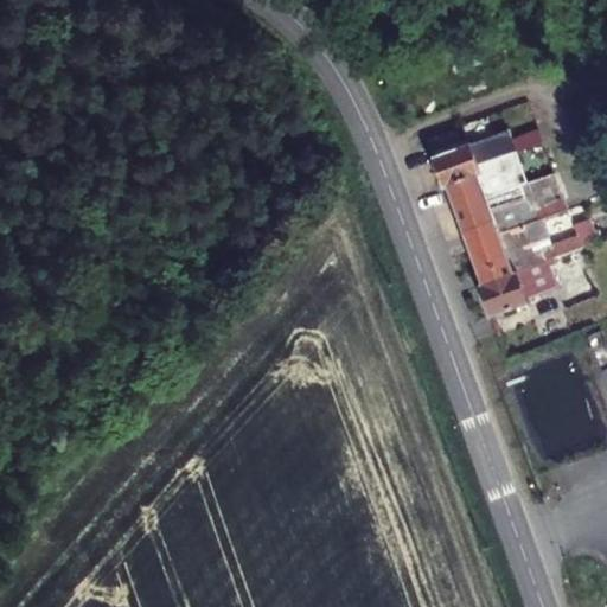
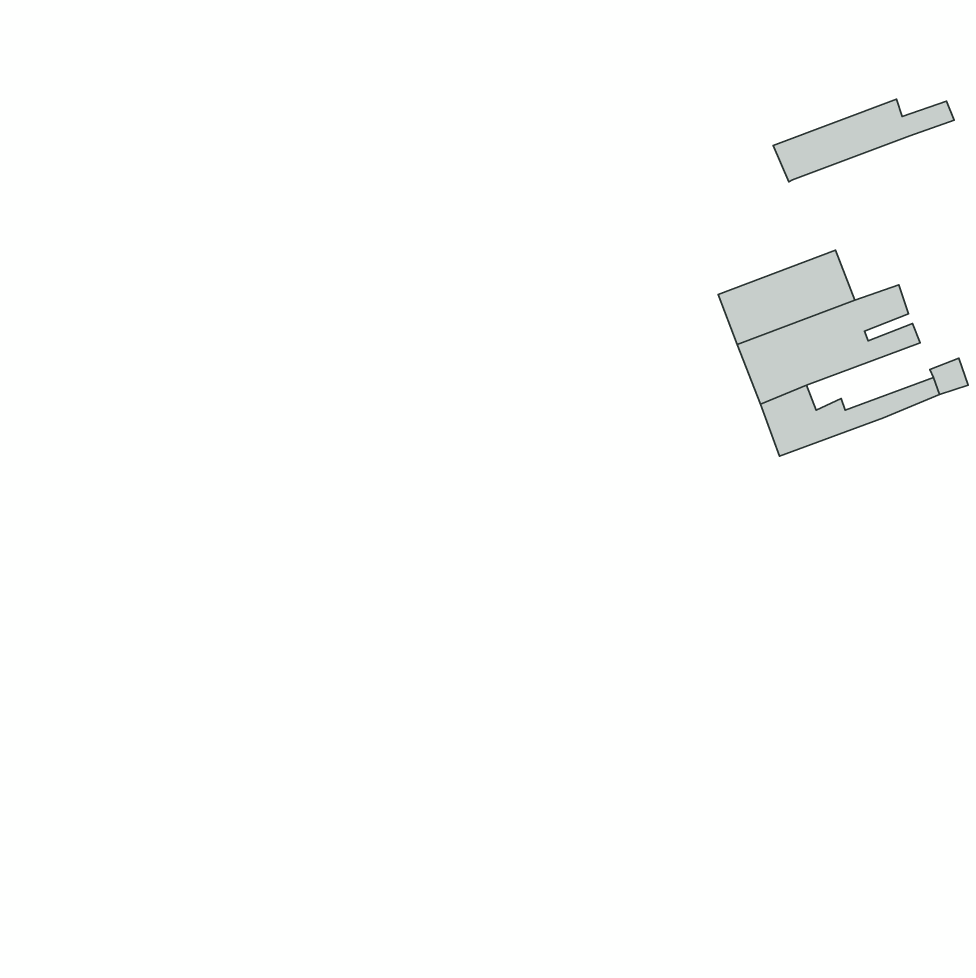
building: [430,132,542,183] -> [773,99,954,182]
building: [477,257,554,315] -> none

